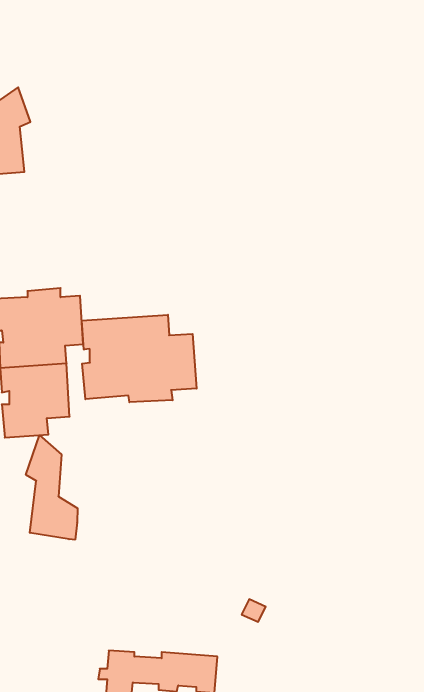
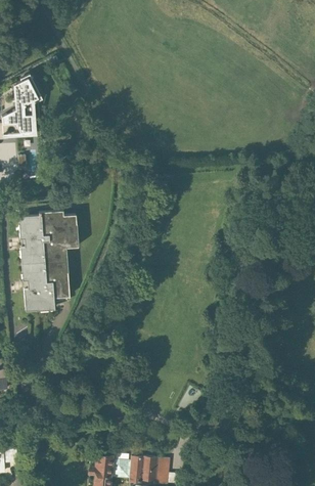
building: [82,315,197,402] -> none
building: [26,435,78,540] -> none

